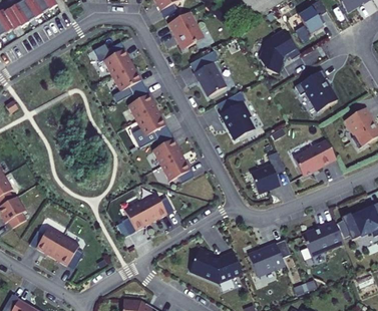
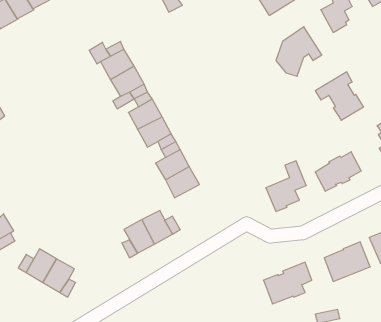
building: [167,11,204,49] -> none
building: [190,54,226,96] -> none
building: [217,90,253,138] -> none
building: [190,248,242,283] -> none

